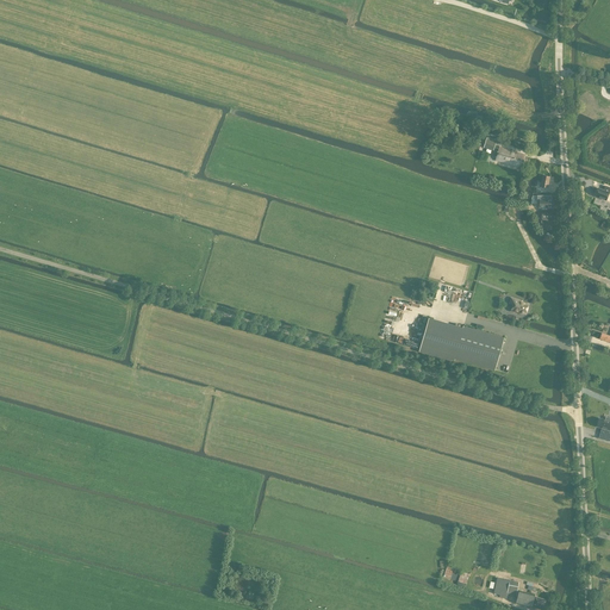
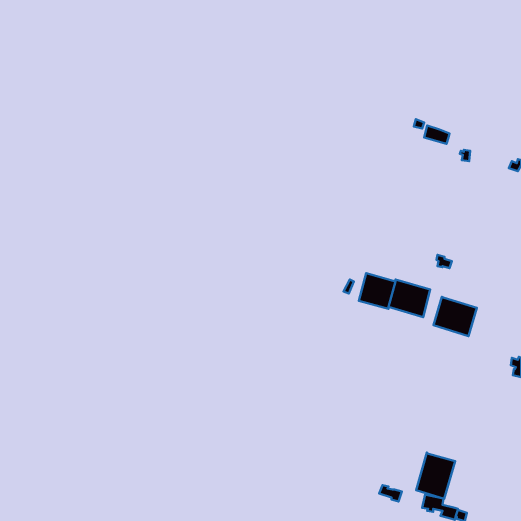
building: none -> [434,297,477,336]
building: none -> [416,453,455,499]

